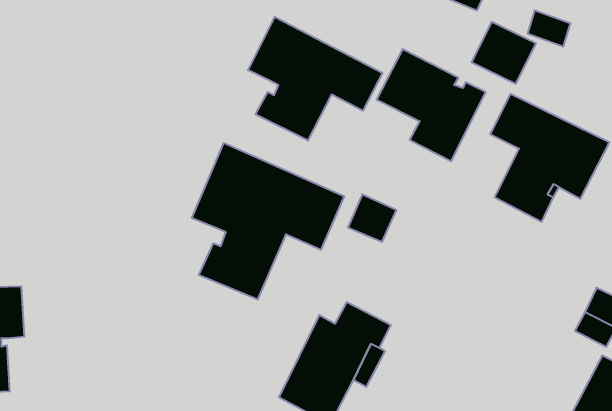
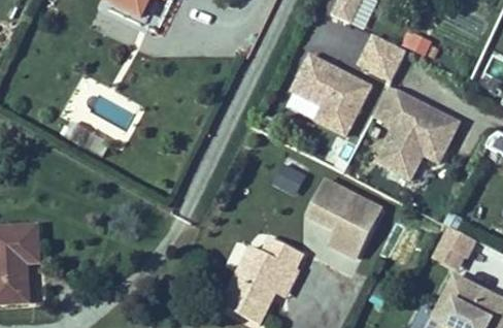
building: [248,17,382,141] -> none
building: [192,143,344,300] -> none
building: none -> [307,179,382,257]

